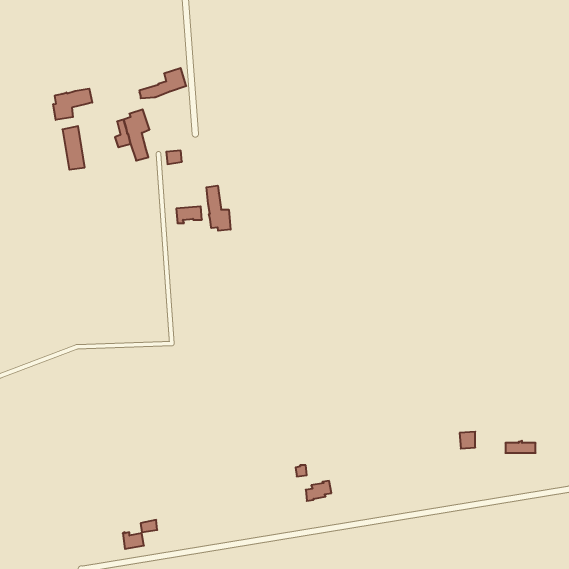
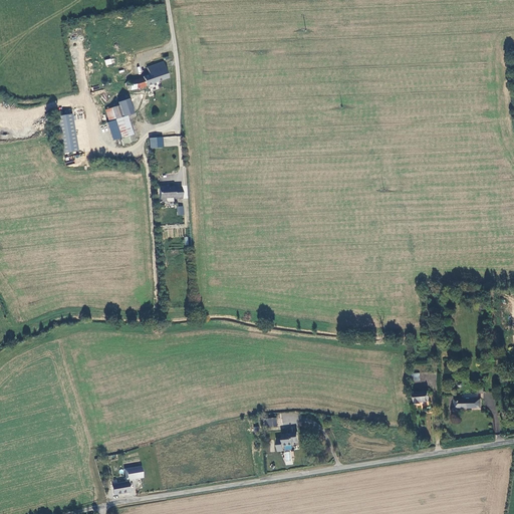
building: [53,89,92,120] -> none
building: [206,186,231,231] -> none

